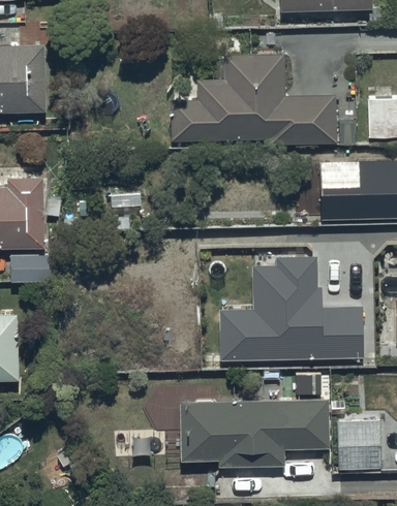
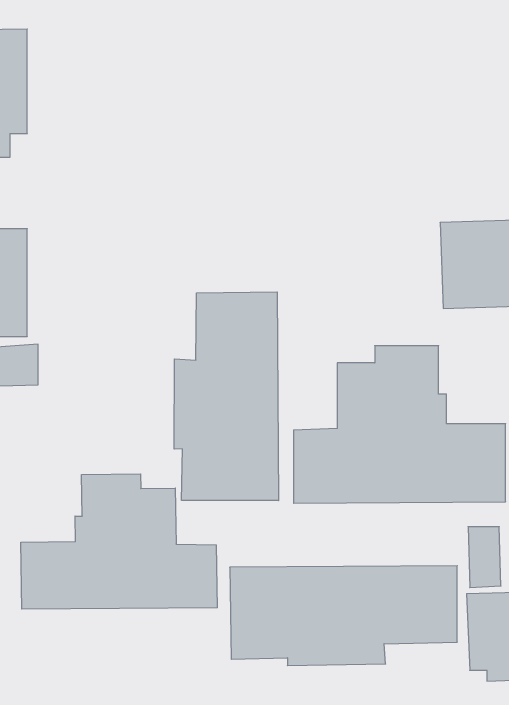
building: [171,57,354,147] -> none
building: none -> [174,292,279,501]
building: none -> [21,474,217,609]

